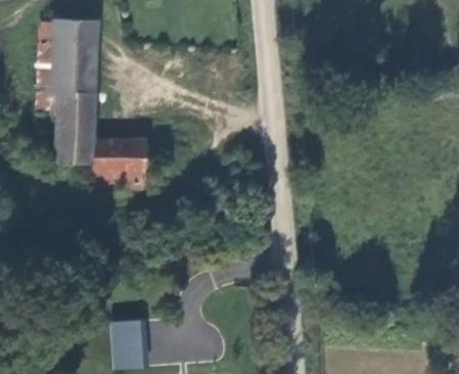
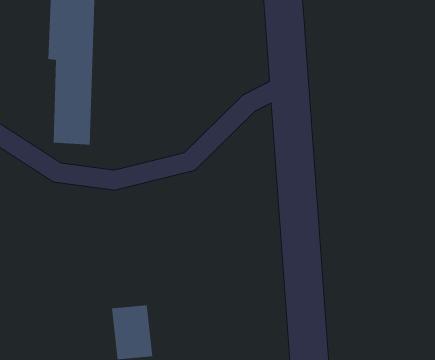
building: [91,141,145,194] -> none

